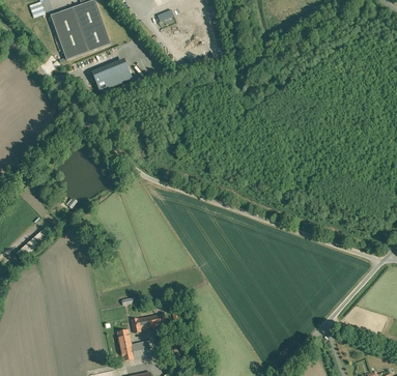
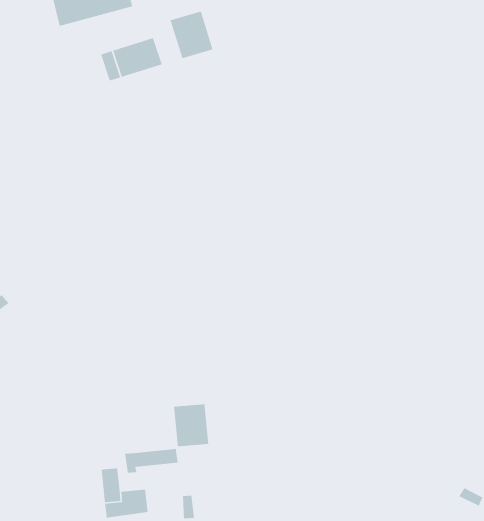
building: none -> [170,10,214,59]
building: none -> [173,404,209,447]

